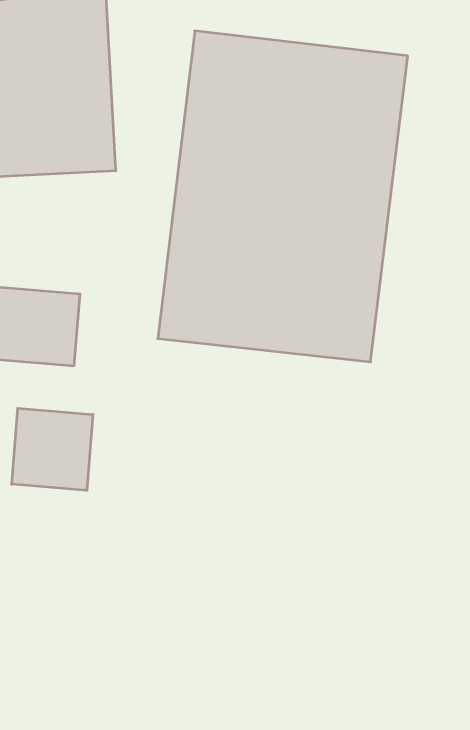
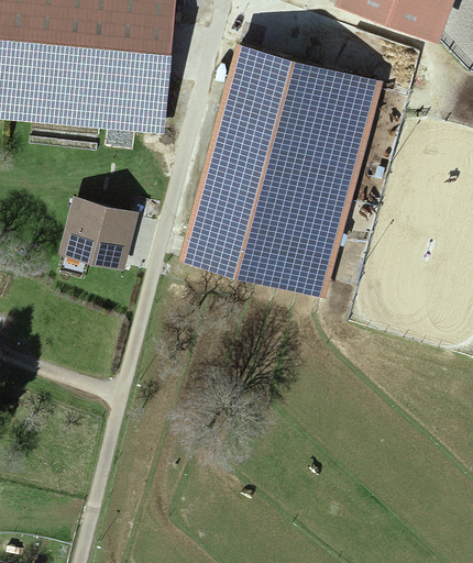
building: [12,408,93,490] -> none

